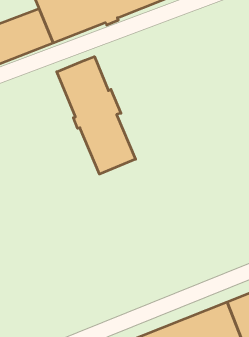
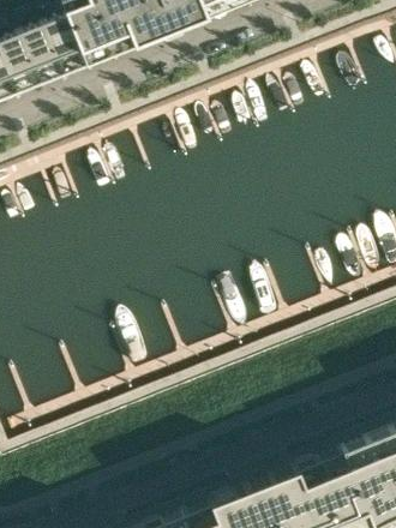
building: [57,57,136,174] -> none

